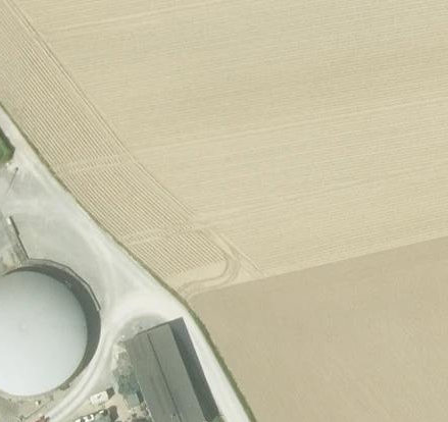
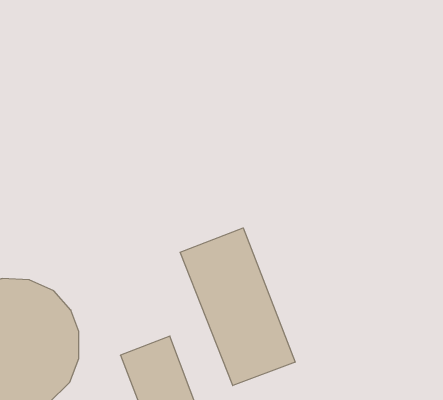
building: none -> [180,228,295,386]

